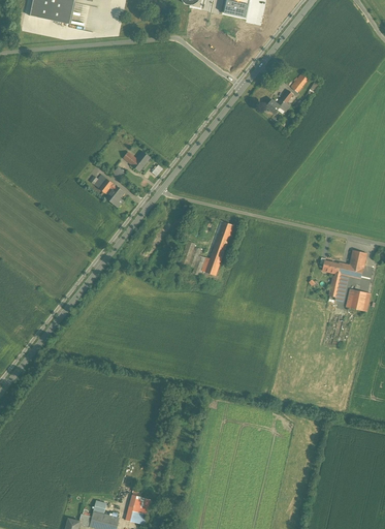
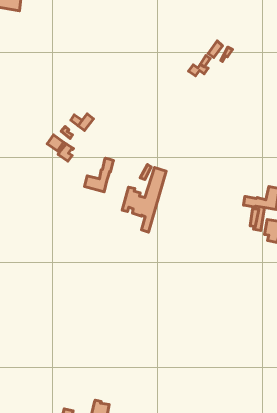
building: none -> [84,158,113,192]

